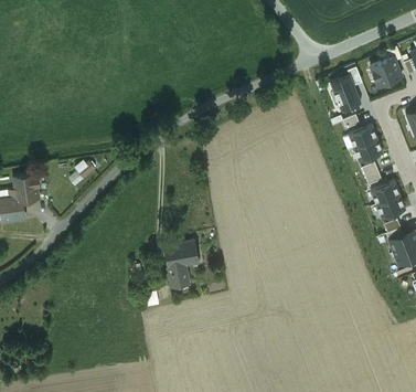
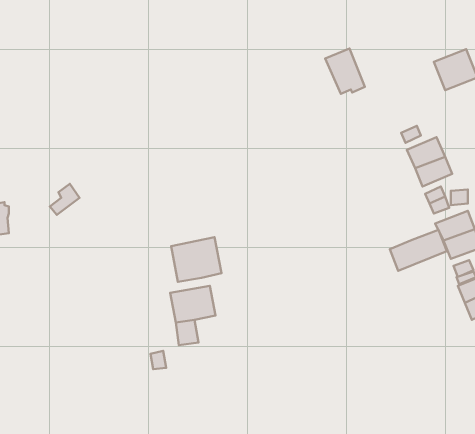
building: [330,75,361,110] -> [325,49,365,94]
building: none -> [390,230,447,271]
building: none -> [171,237,221,282]

